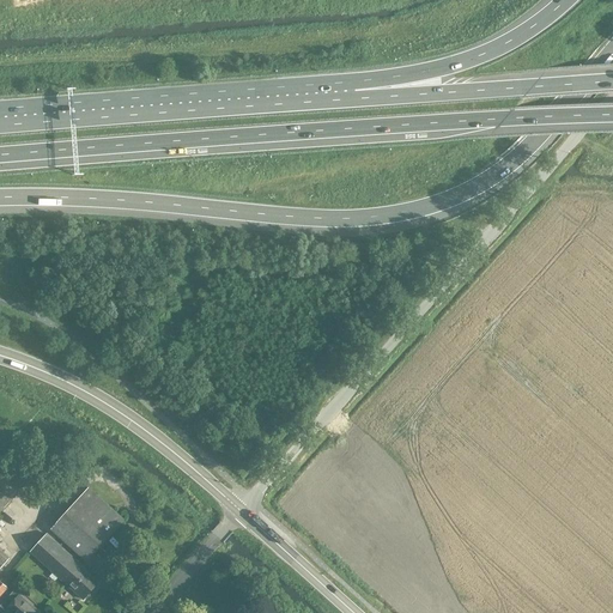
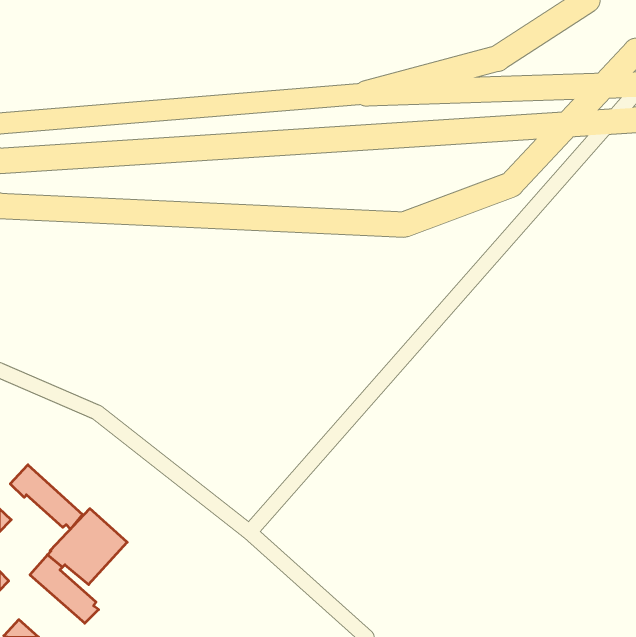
building: none -> [10,465,82,529]

